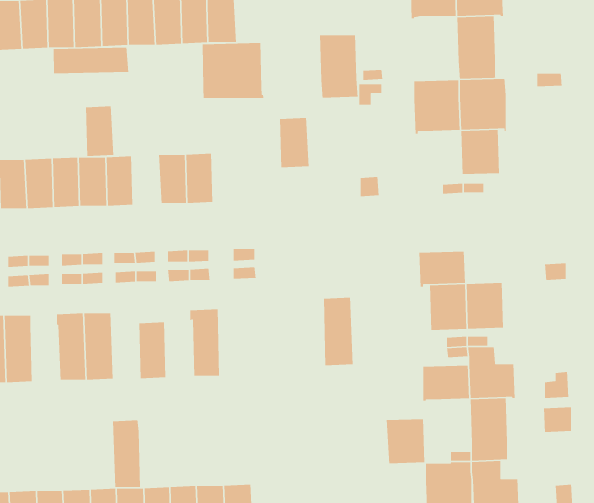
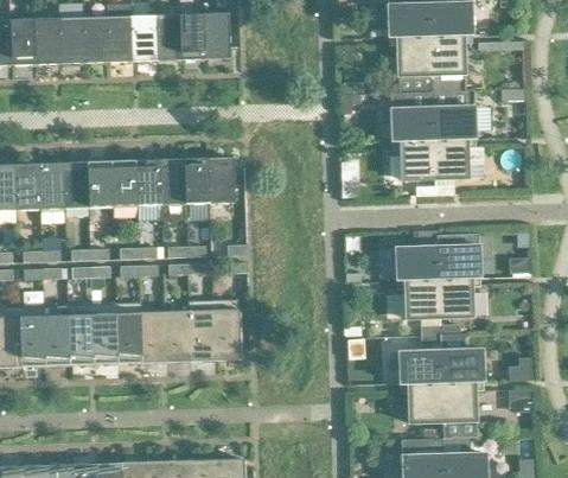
building: [319,34,358,98] -> [396,34,432,93]
building: [202,42,264,99] -> none
building: [53,47,129,74] -> none
building: [85,106,114,157] -> [135,159,161,205]
building: [279,117,309,168] -> [208,157,235,203]
building: none -> [400,138,434,179]
building: none -> [436,234,479,278]
building: [323,297,353,366] -> [213,298,241,361]
building: none -> [165,310,191,362]
building: none -> [44,314,70,365]
building: [386,418,425,464] -> [407,381,442,422]
building: [112,420,141,488] -> [116,301,142,363]

